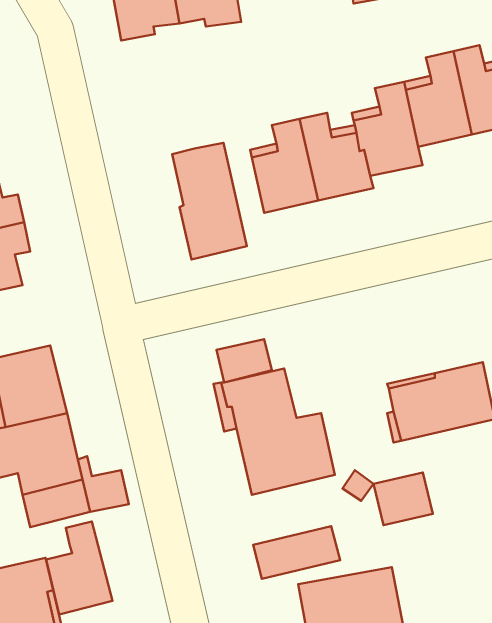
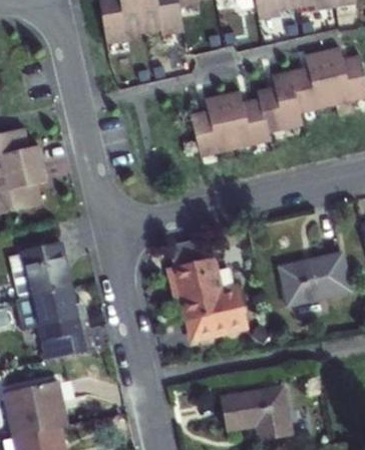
building: [172,143,247,259] -> none
building: [373,473,433,525] -> none
building: [46,521,113,615] -> none
building: [253,526,340,579] -> none

